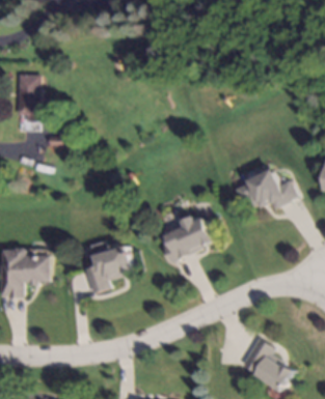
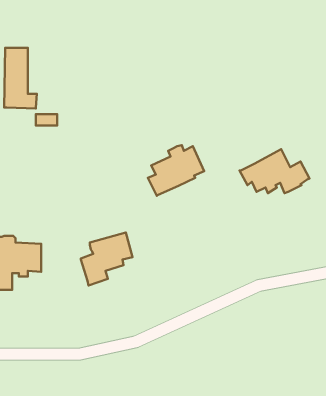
building: [164,216,216,262] -> [148,145,204,196]
building: [241,337,292,389] -> none

